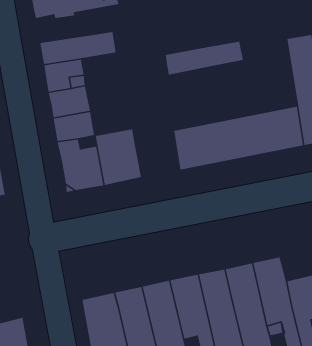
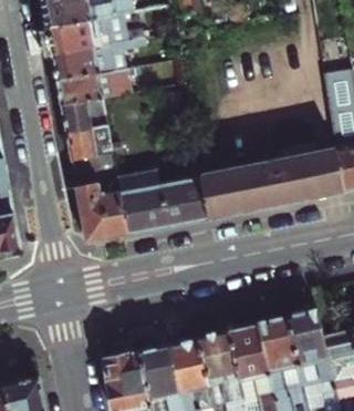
building: none -> [53,38,145,79]
building: [165,41,244,75] -> none
building: none -> [160,177,209,225]

